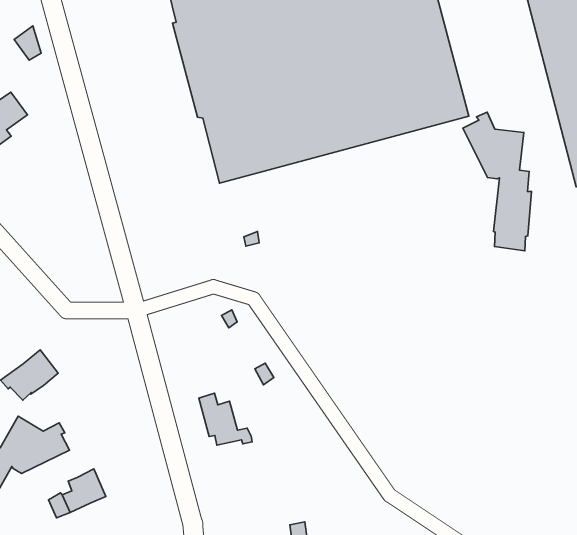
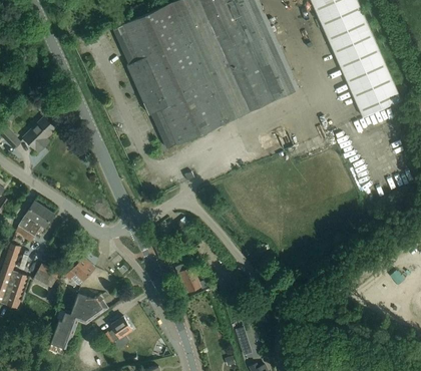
building: [463,112,531,251] -> none

